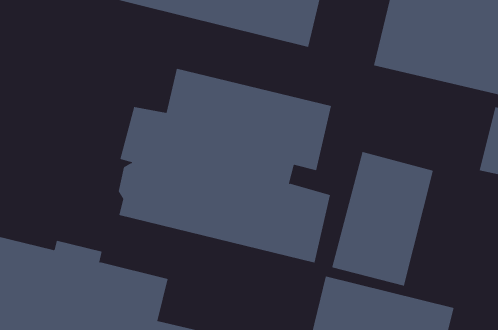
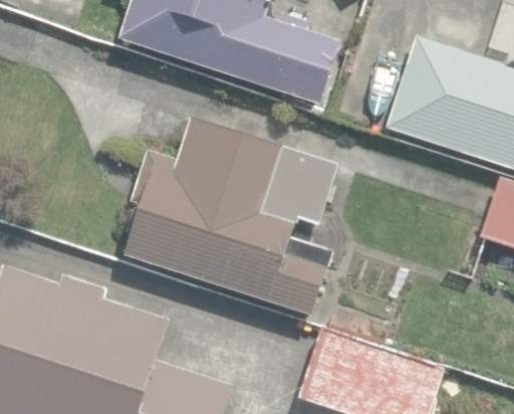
building: [331,151,434,287] -> none

